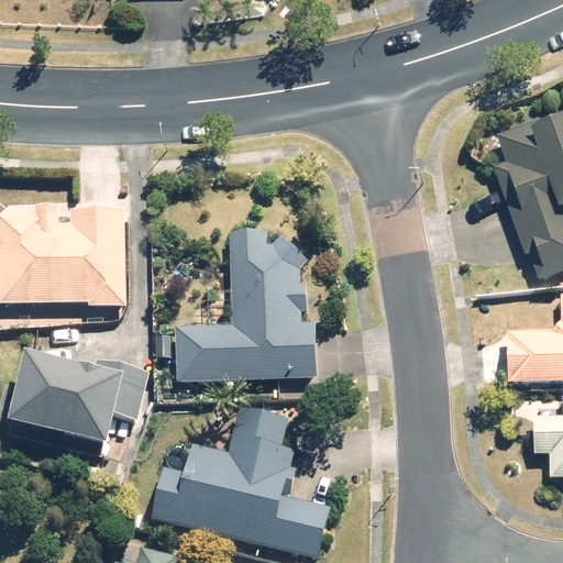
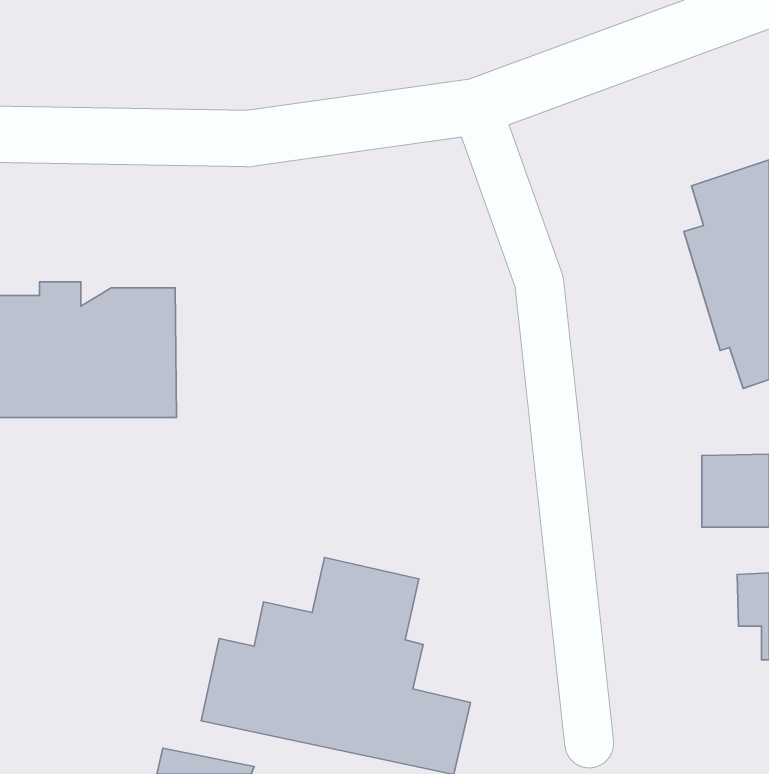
building: [177,229,318,379] -> none
building: [11,350,133,461] -> none

